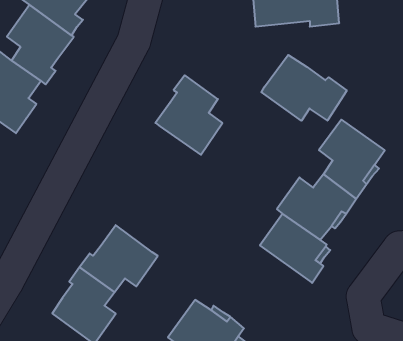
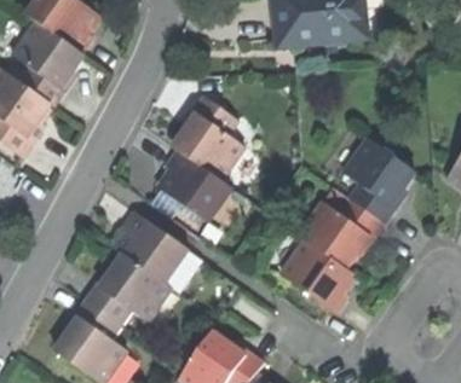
building: [261,55,347,121] -> none
building: none -> [156,149,227,221]
building: none -> [121,210,189,283]

